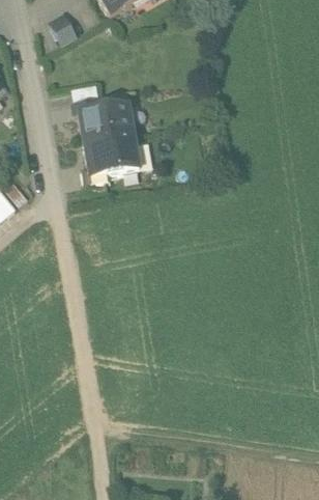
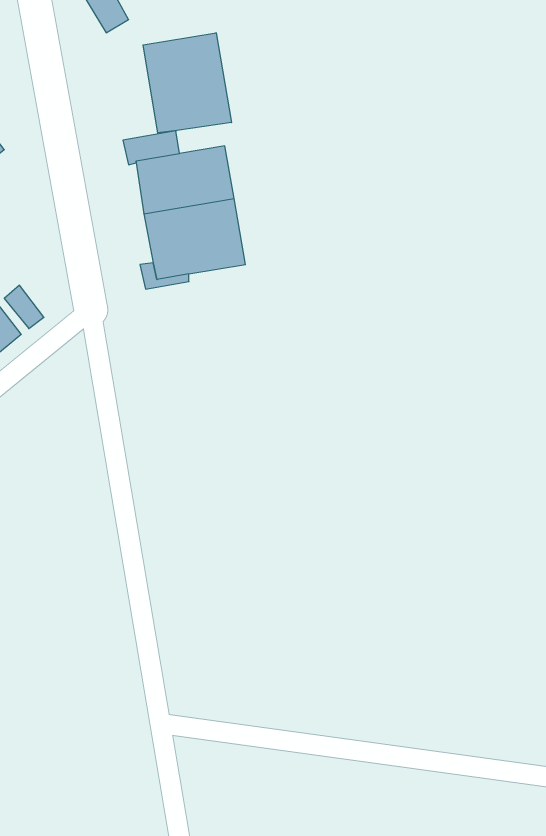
building: none -> [143,33,231,133]

